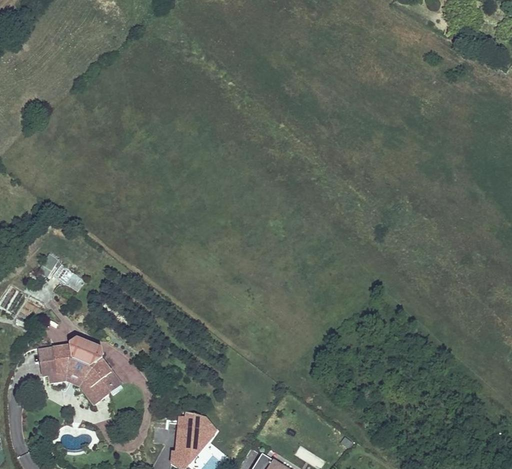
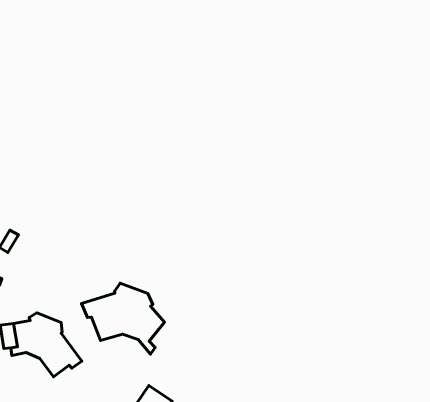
building: none -> [82,283,164,354]

